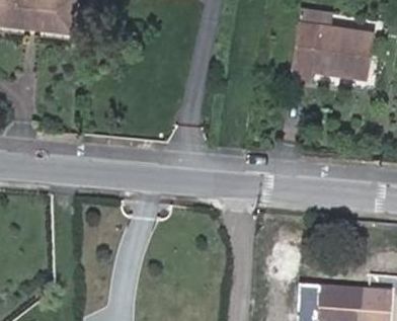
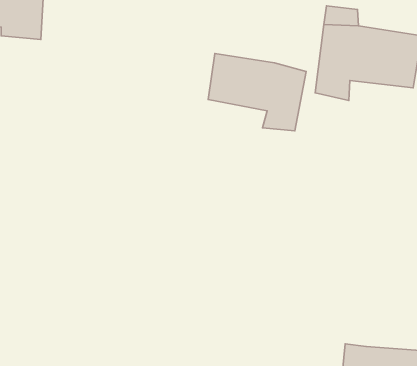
building: none -> [208,54,306,131]

